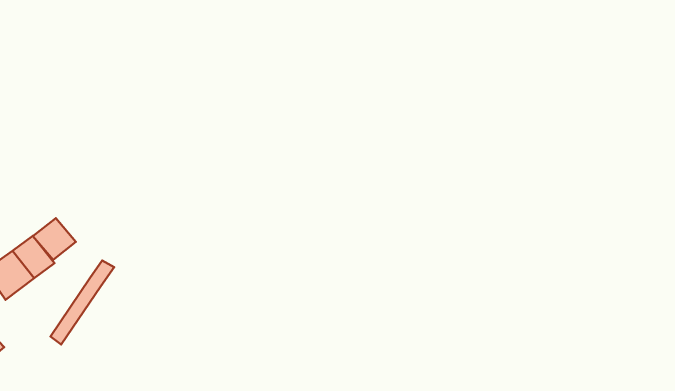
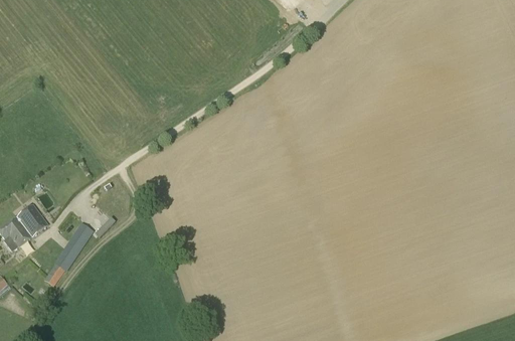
building: [33,218,76,260] -> none

